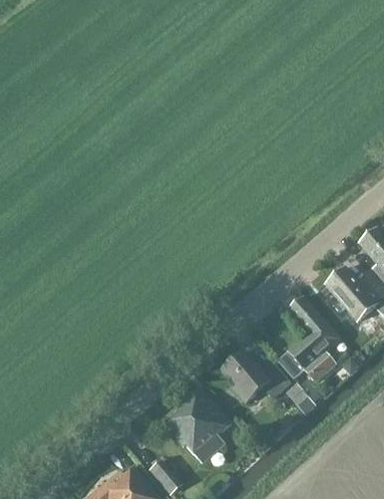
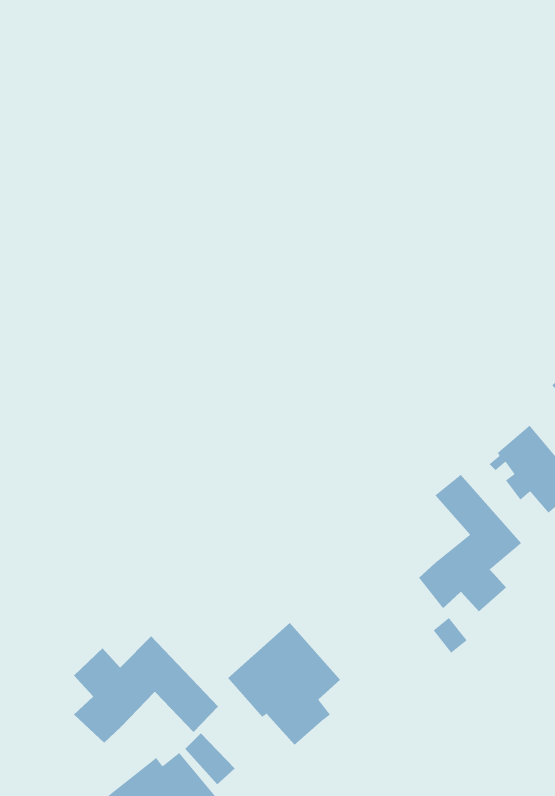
building: [225,350,292,403] -> none
building: none -> [73,636,219,743]

